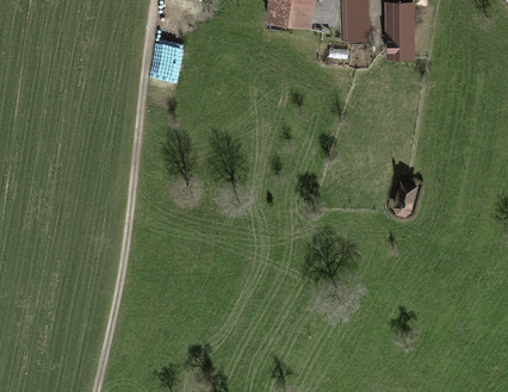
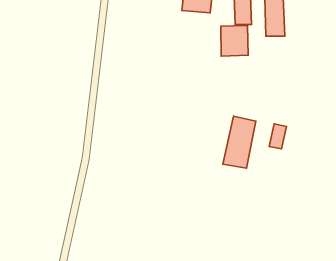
building: none -> [221,25,248,56]
building: none -> [223,116,256,168]

